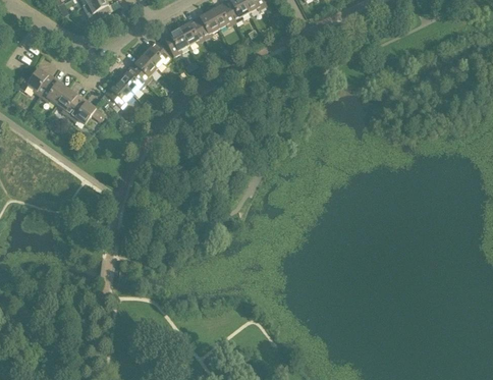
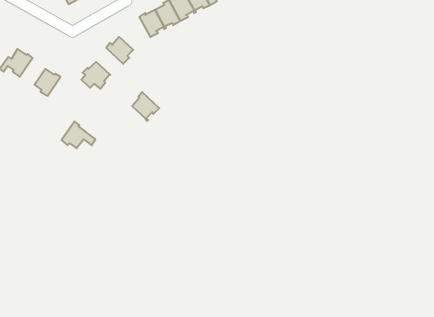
building: [141,41,169,70] -> none
building: [117,66,145,96] -> [132,92,159,121]
building: [37,76,65,104] -> none
building: [67,96,102,123] -> [62,121,95,148]

